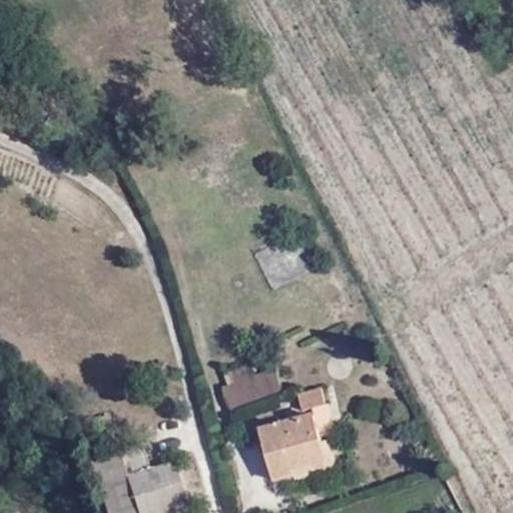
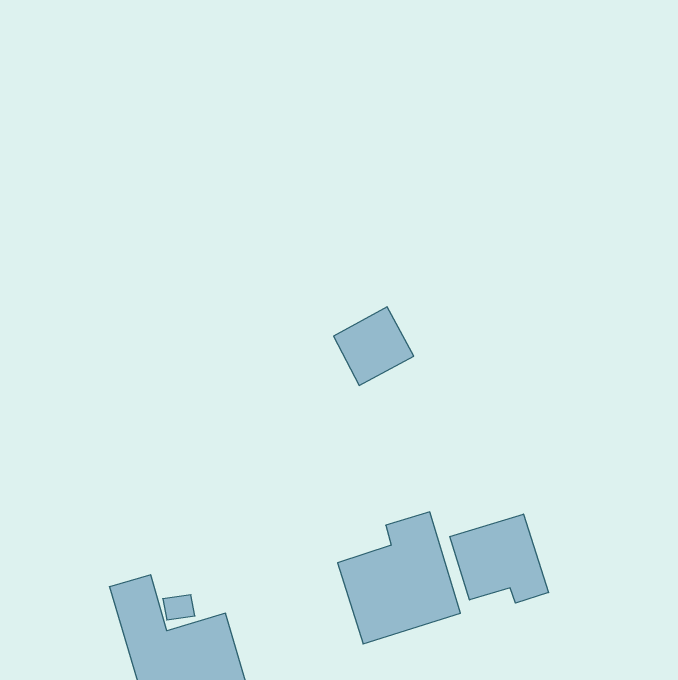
building: [221,368,283,411] -> none
building: none -> [450,514,549,603]

